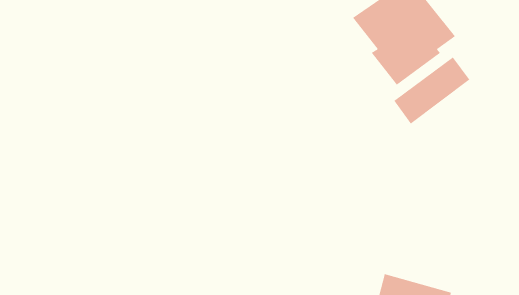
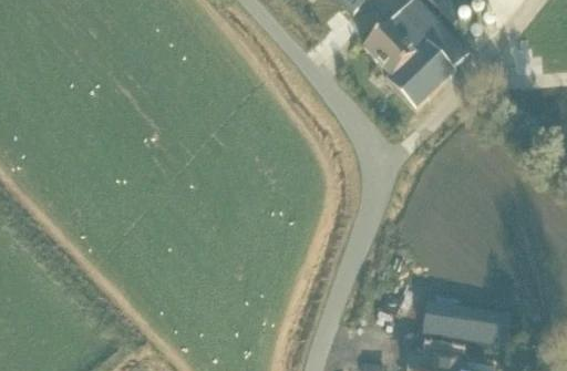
building: [393,57,470,124] -> none

